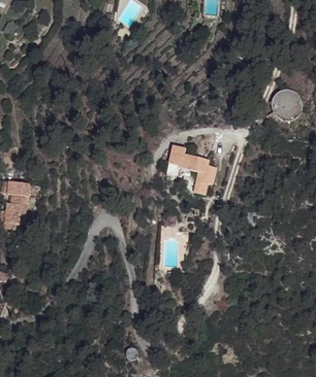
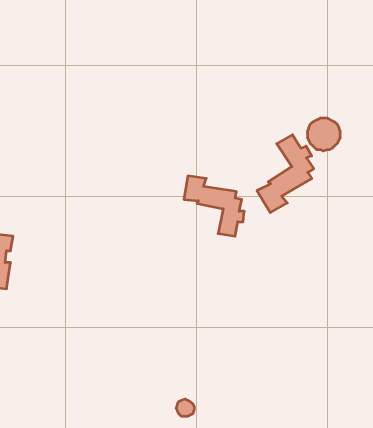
building: none -> [257,135,314,213]

